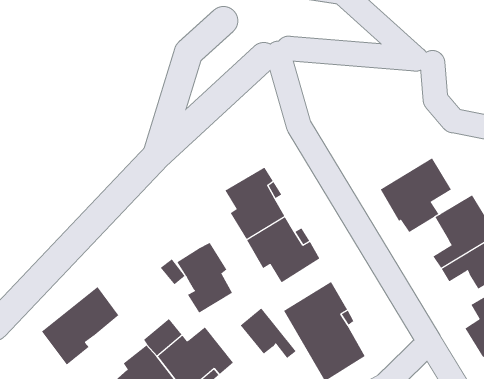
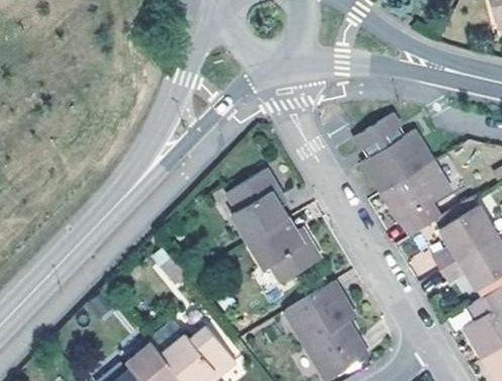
building: none -> [348,108,431,191]
building: [177,242,233,313] -> none
building: [41,286,119,366] -> none
building: [240,307,297,359] -> none

